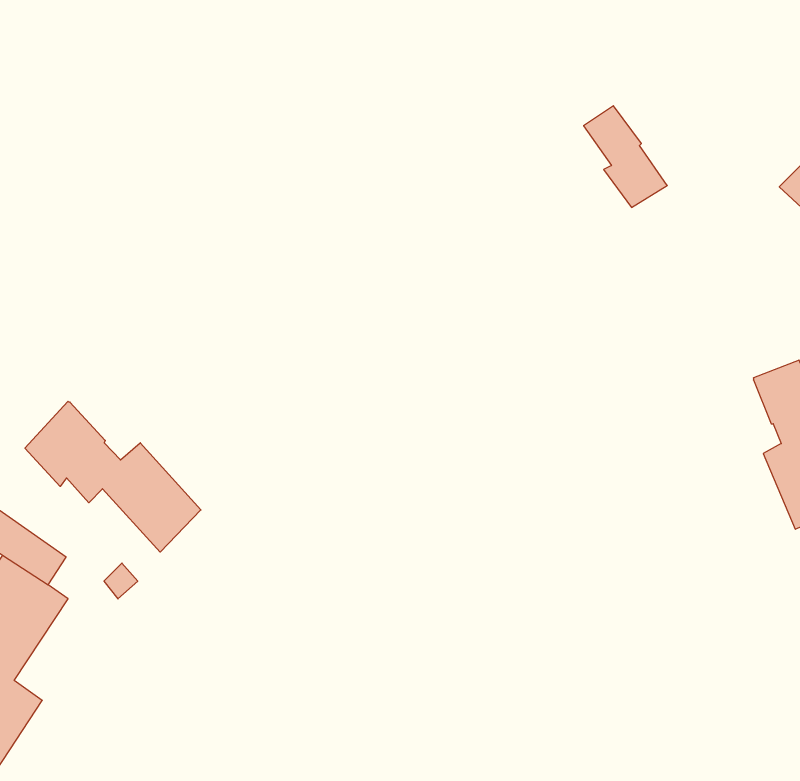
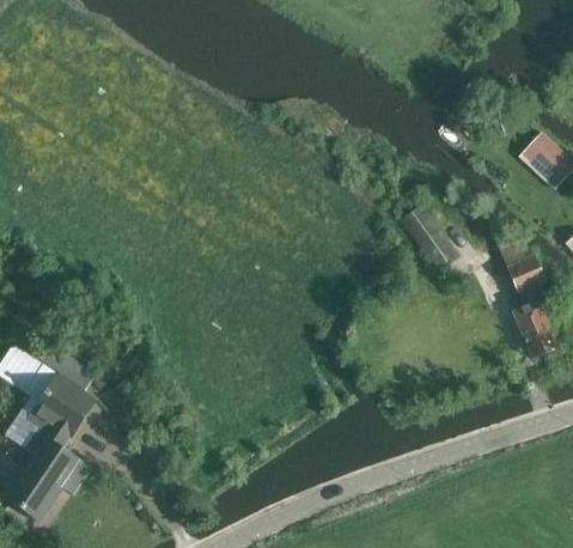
building: [584,106,667,207] -> [406,206,456,267]
building: [25,401,201,552] -> none

